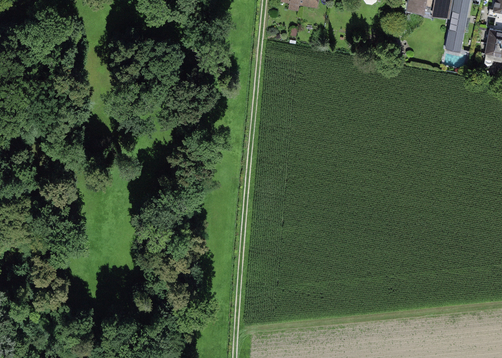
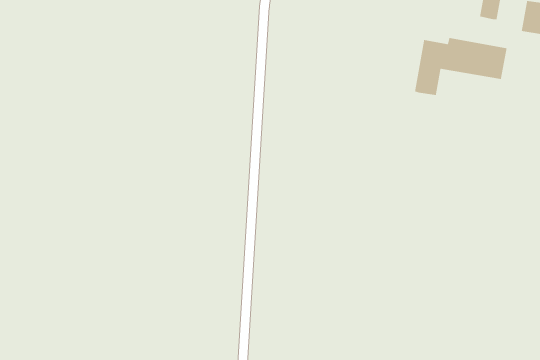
building: none -> [414,37,507,96]

